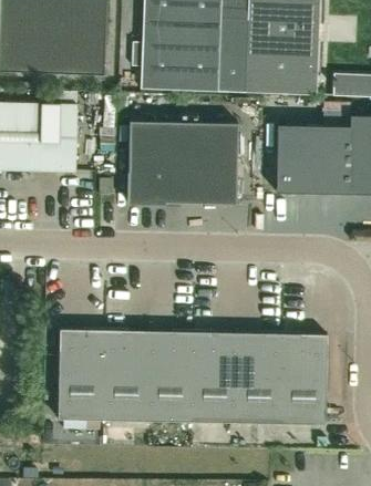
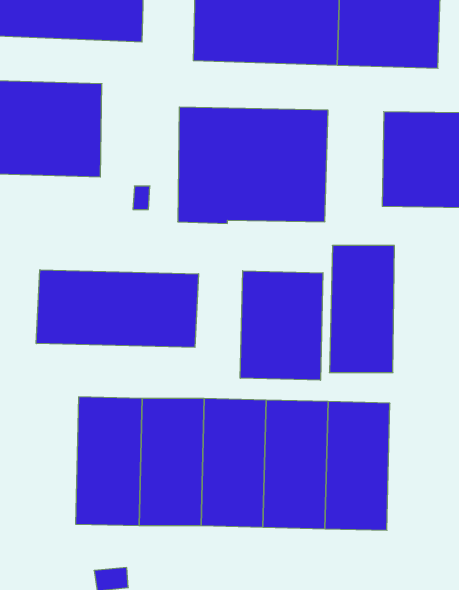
building: none -> [36,270,199,347]
building: none -> [240,271,323,380]
building: [280,333,327,424] -> [329,246,394,373]

